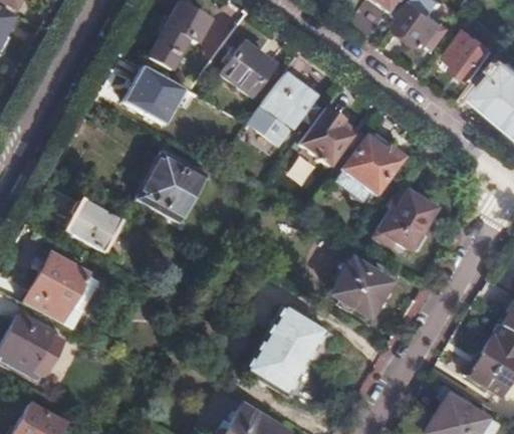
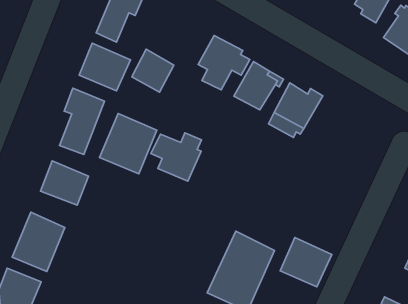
building: [223,42,273,93] -> [132,49,174,92]
building: none -> [60,88,105,154]
building: none -> [151,133,201,181]
building: [372,188,435,250] -> none
building: [330,256,392,315] -> [280,238,332,287]

